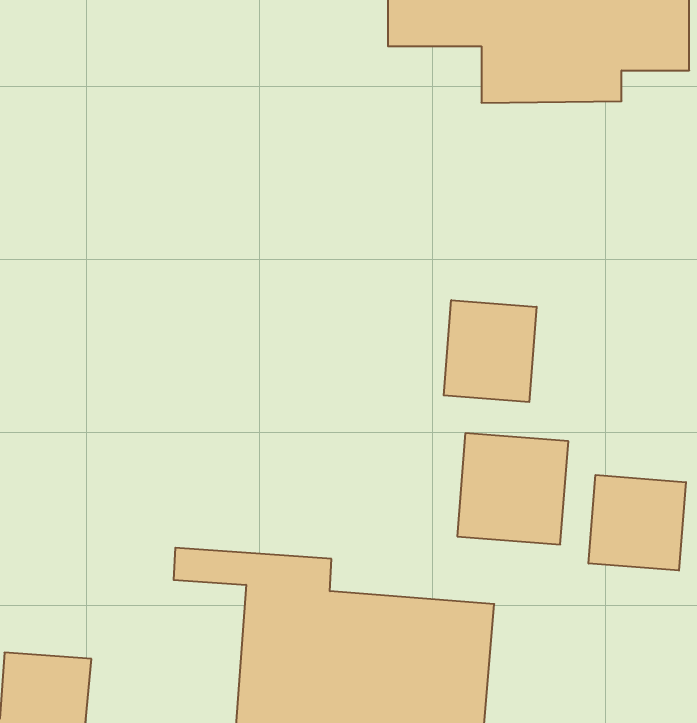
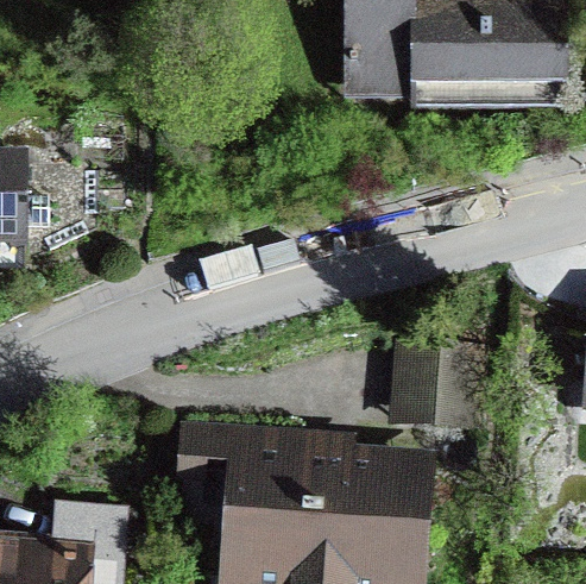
building: [444,300,537,402] -> none
building: [589,475,686,571] -> none

